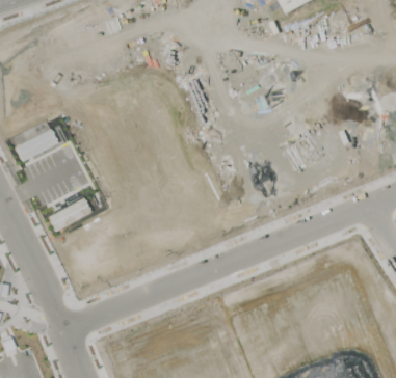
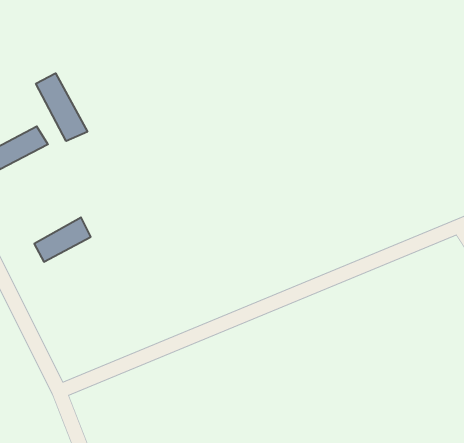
building: none -> [36,73,87,141]

